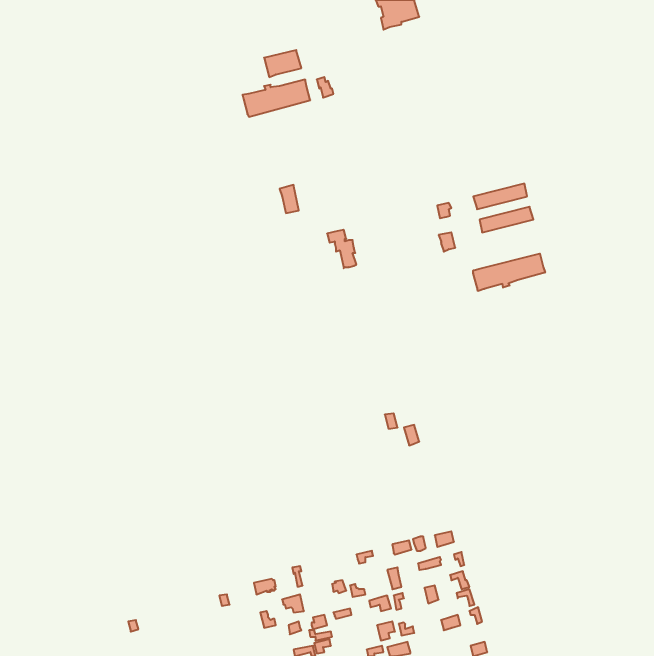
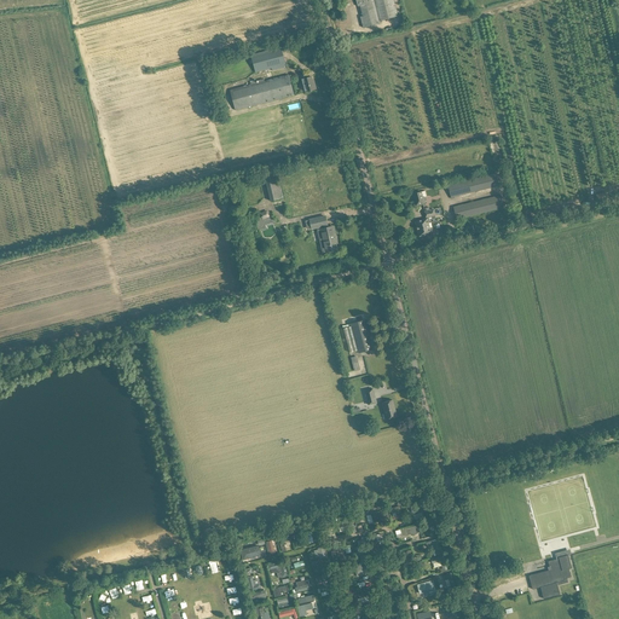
building: [473,254,545,291] -> none
building: none -> [342,319,371,353]
building: none -> [527,555,571,598]

